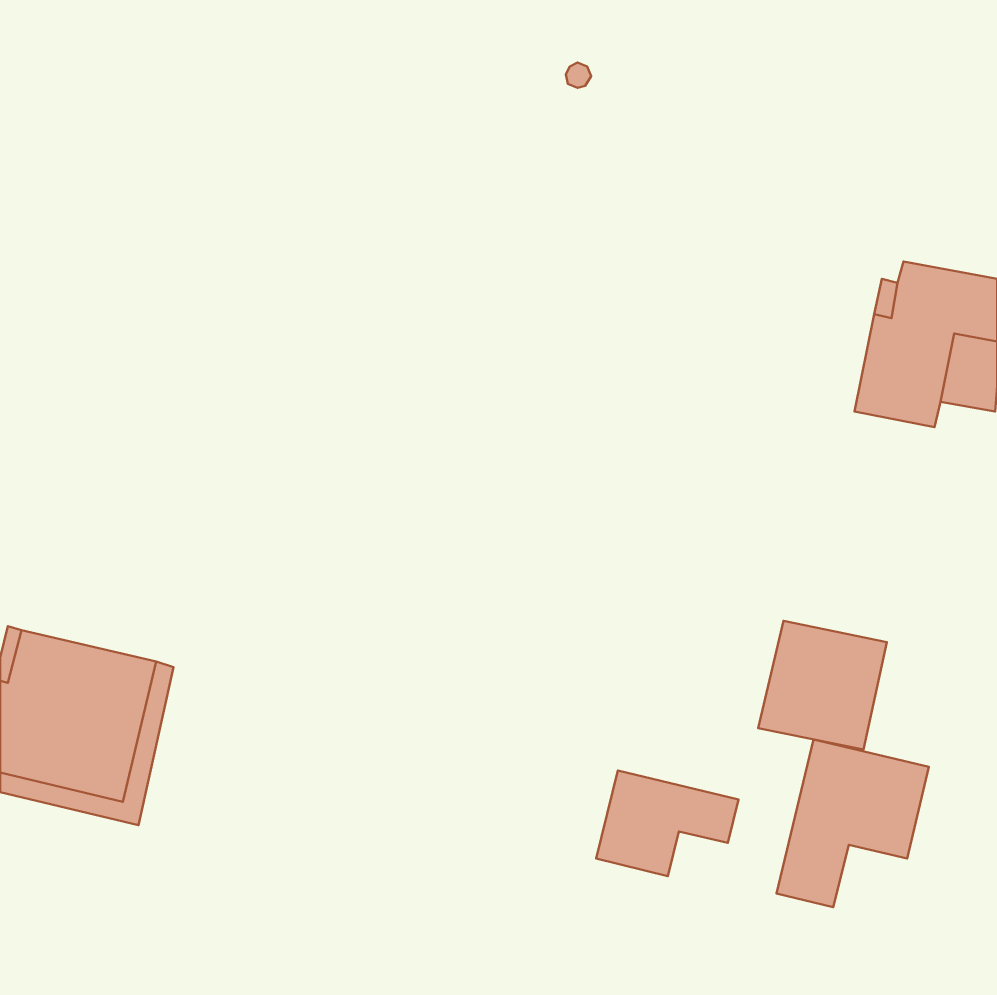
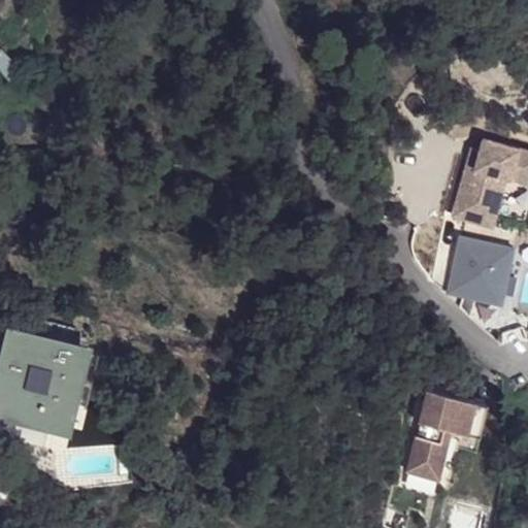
building: [758,621,887,750] -> [446,235,514,303]
building: [596,771,738,876] -> none

